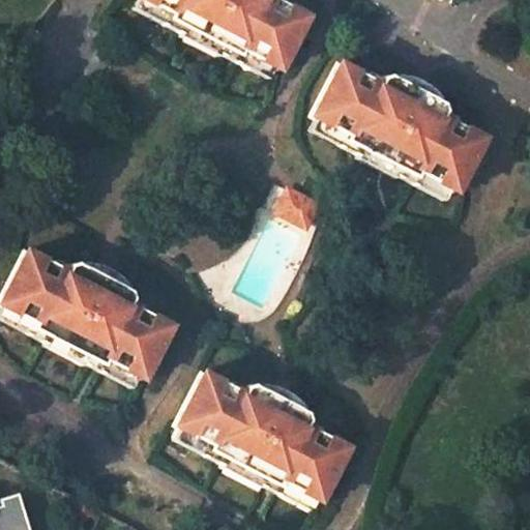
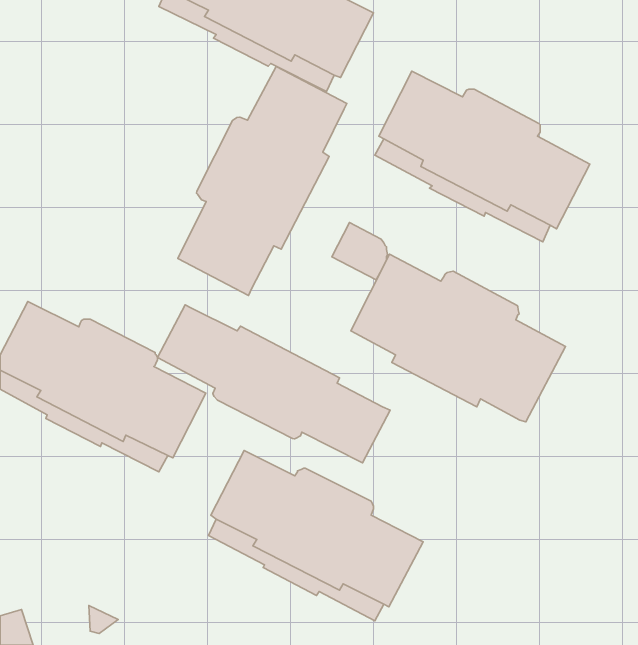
building: none -> [178,66,347,296]
building: none -> [351,254,565,422]
building: none -> [158,305,390,463]

